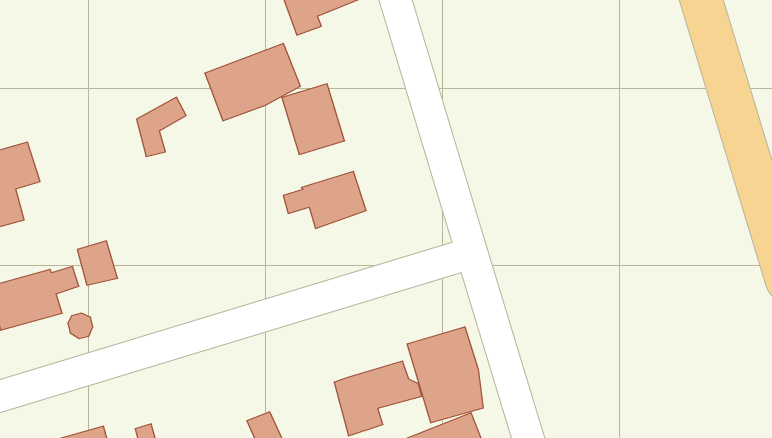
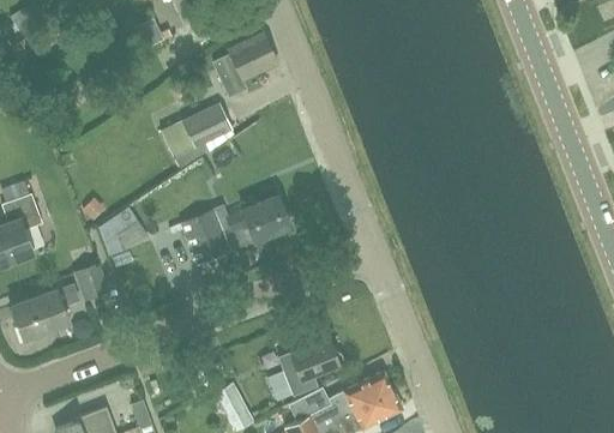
building: [282,84,345,154] -> [181,208,231,263]
building: [137,97,186,157] -> [100,208,137,254]
building: [407,327,483,423] -> none

